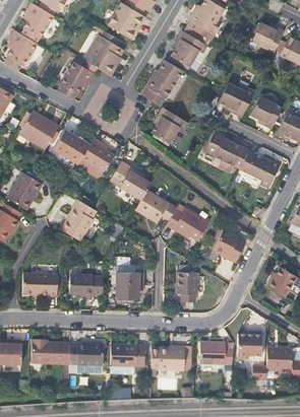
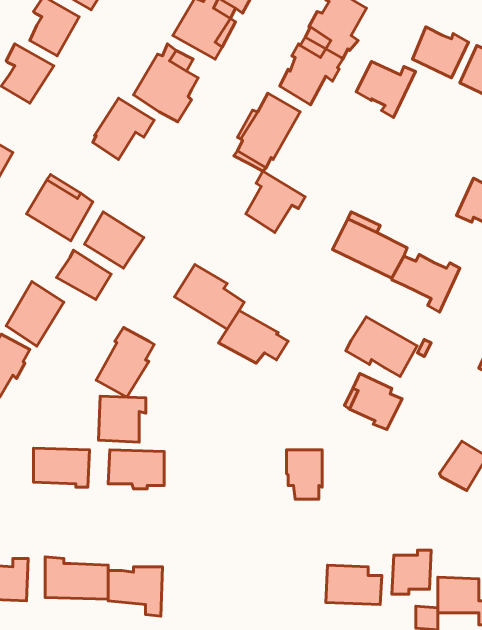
building: [221,82,256,116] -> [356,61,416,117]
building: [251,96,283,129] -> none
building: [82,142,115,171] -> [57,250,111,299]
building: [167,205,209,240] -> [346,317,417,376]
building: [115,272,143,299] -> [98,396,146,442]
building: [110,343,144,365] -> none
building: [151,347,185,370] -> none

